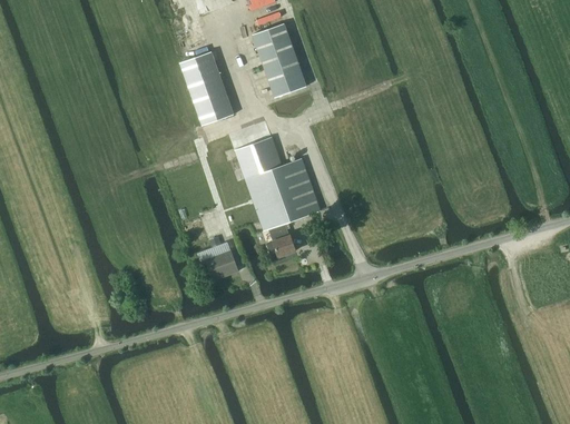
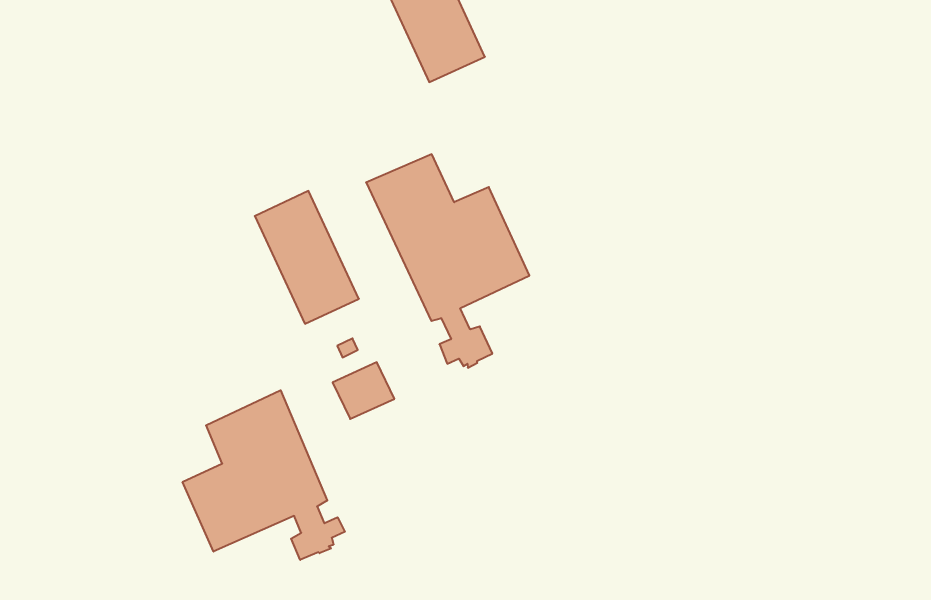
building: [179,51,233,125] -> [255,191,359,324]
building: none -> [183,390,345,560]

